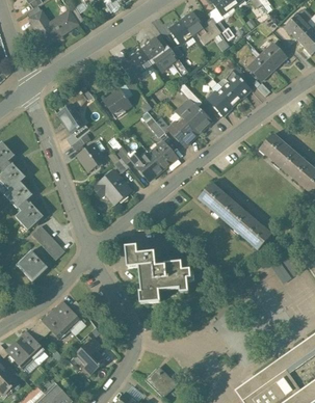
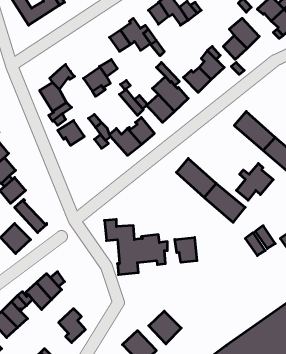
building: [94,170,130,202] -> none
building: none -> [236,163,273,200]
building: none -> [175,237,197,262]
building: none -> [149,311,181,344]

